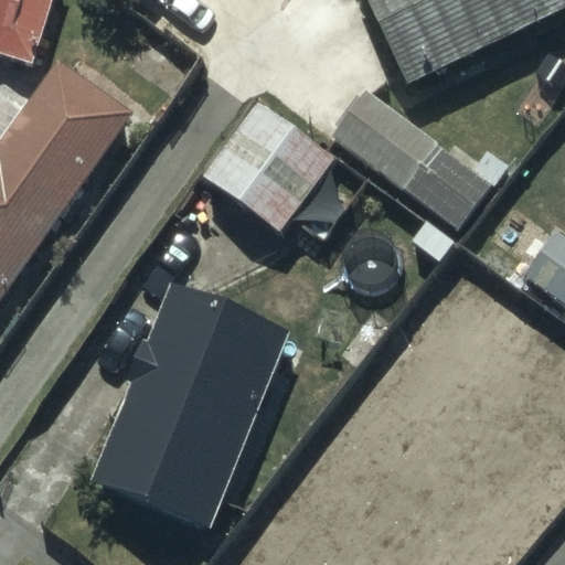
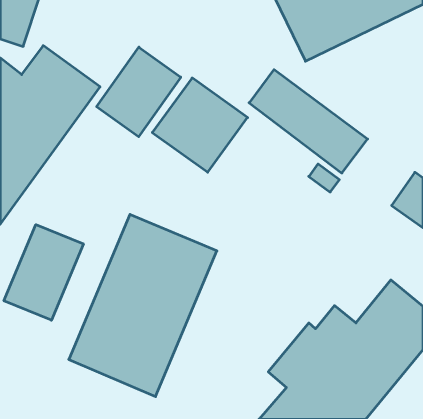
building: none -> [97,47,181,137]
building: none -> [4,225,83,320]

